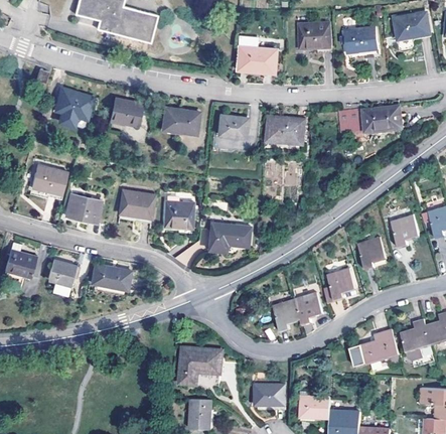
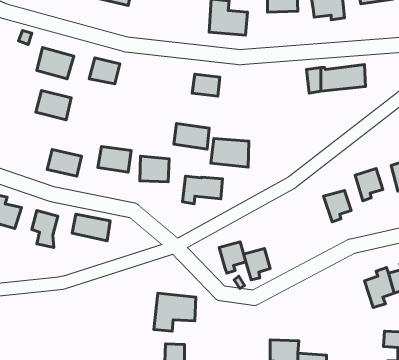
building: [161,107,198,134] -> [174,123,209,149]
building: [264,116,304,146] -> [211,138,249,167]
building: [29,164,66,195] -> [36,90,71,120]
building: [326,268,356,302] -> none
building: [294,293,322,326] -> [219,242,246,273]
building: [359,329,399,367] -> none
building: [254,385,284,406] -> none

